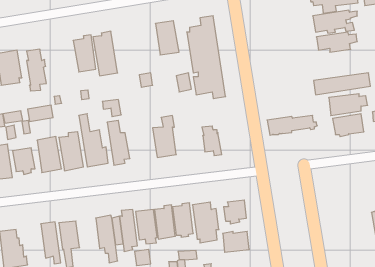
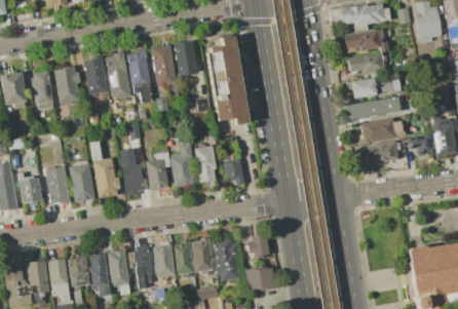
building: none -> [151,44,177,86]
building: none -> [127,48,152,104]
building: none -> [53,66,80,105]
building: [267,115,317,135] -> [350,77,405,99]
building: none -> [193,145,216,186]
building: none -> [146,152,170,191]
building: none -> [88,254,111,300]
building: none -> [27,260,49,302]

